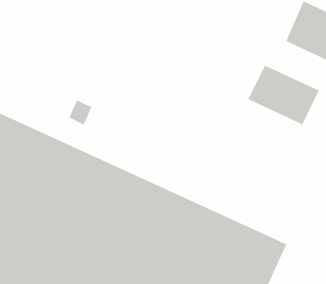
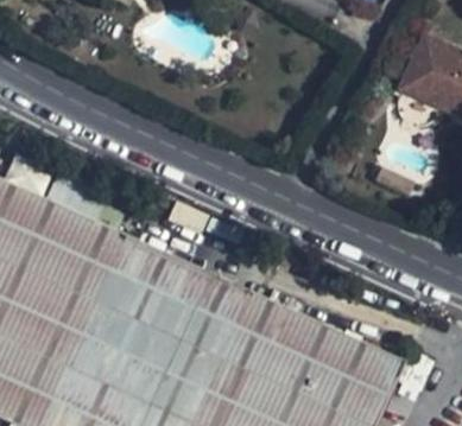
building: [247,65,319,125] -> none

